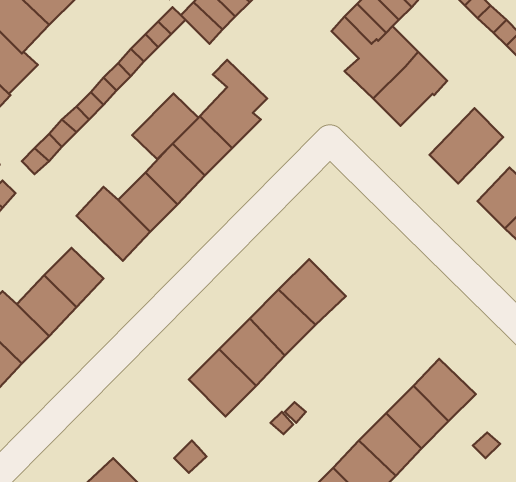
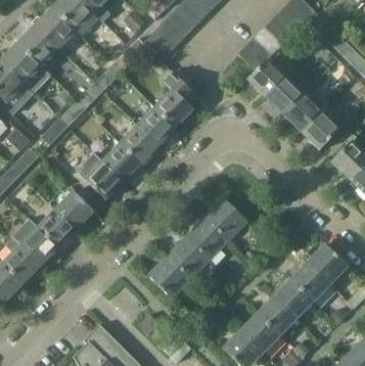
building: none -> [282,85,329,132]
building: [132,94,198,159] -> none
building: none -> [307,244,347,284]

